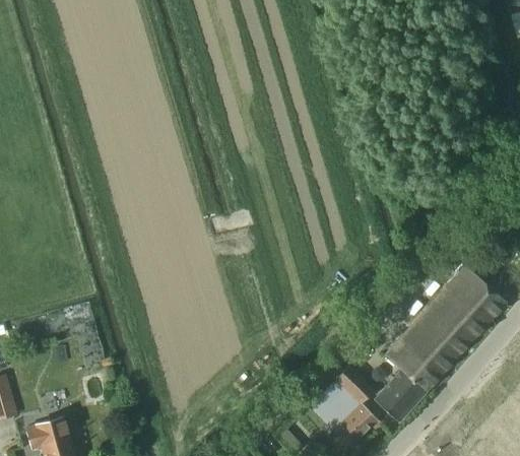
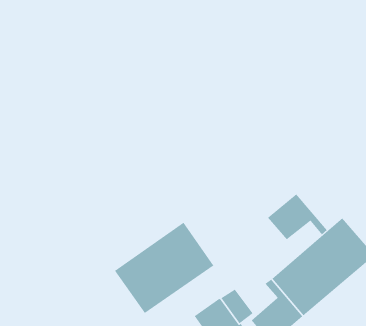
building: none -> [267,193,327,240]
building: none -> [114,222,214,314]

